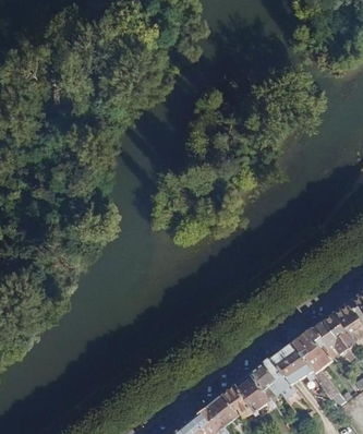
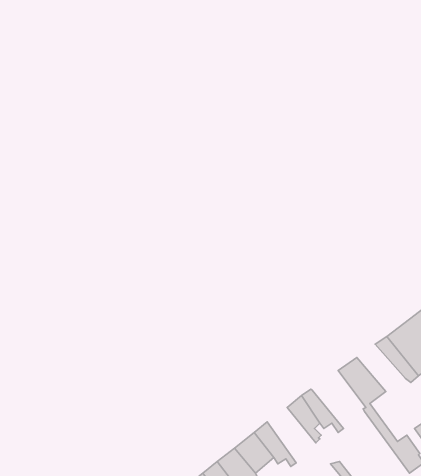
building: [307,321,348,360] -> none
building: [270,342,315,390] -> none
building: [233,373,276,419] -> none

